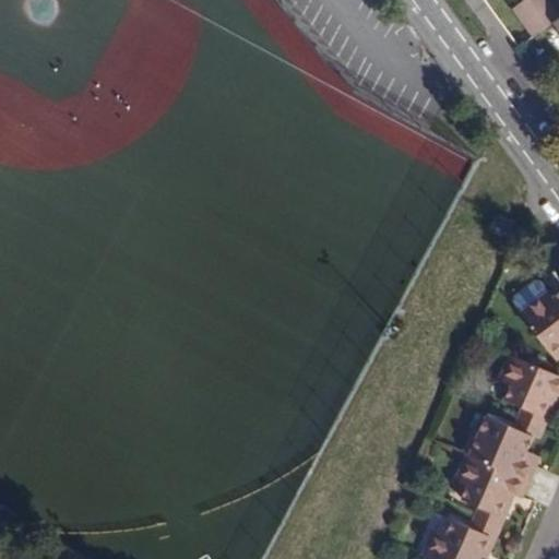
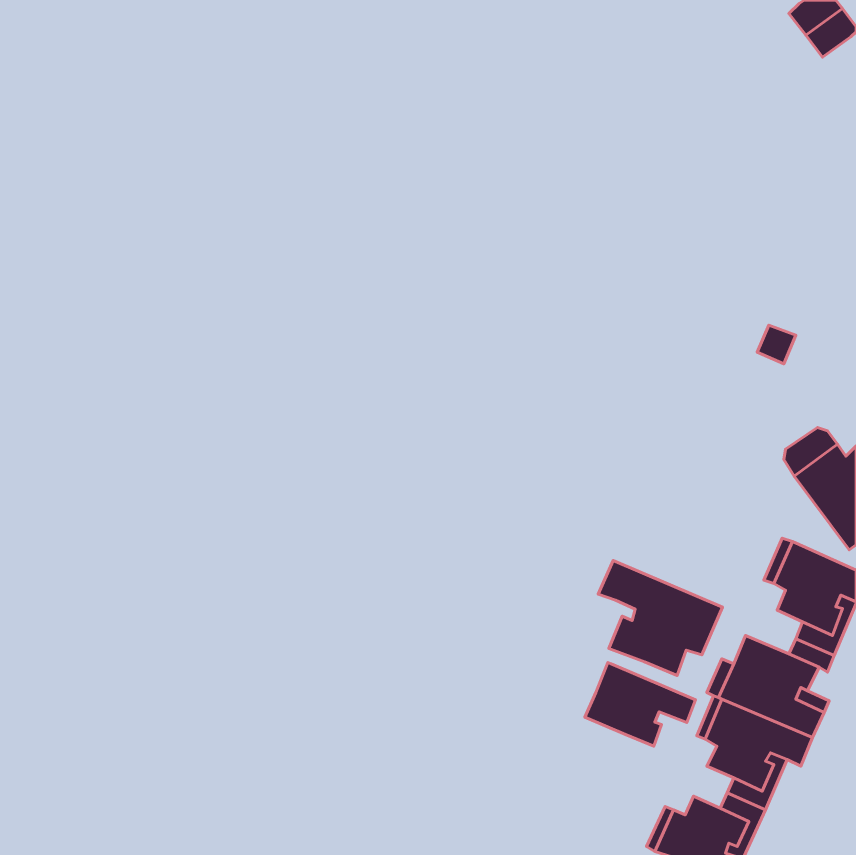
building: none -> [598,561,723,676]
building: none -> [585,663,695,746]

